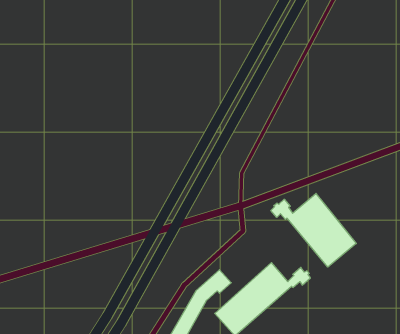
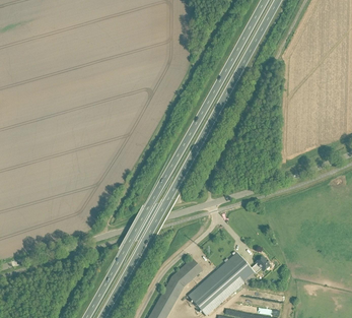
building: [271,193,356,267] -> none

